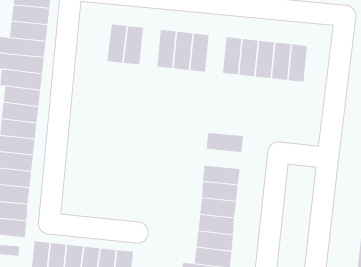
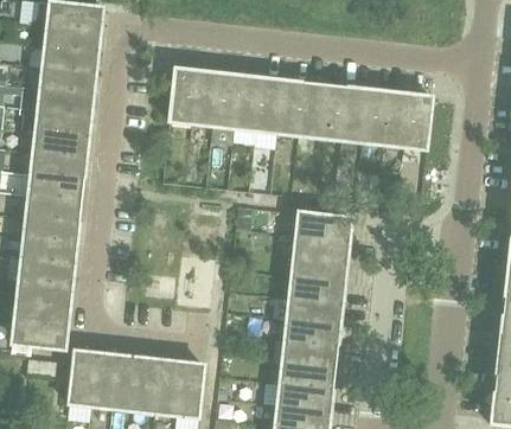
building: none -> [213,76,239,127]
building: none -> [299,85,325,135]
building: none -> [296,233,346,260]

